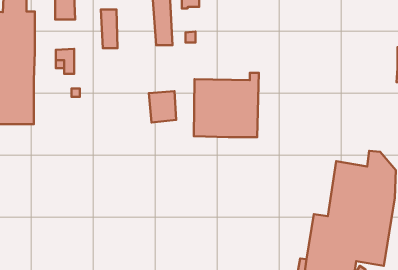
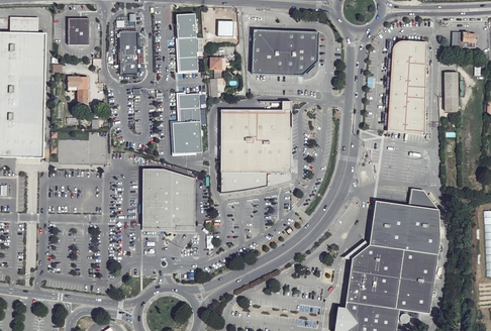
building: none -> [254,30,320,76]
building: none -> [386,40,425,135]
building: none -> [178,95,199,124]
building: none -> [143,172,197,230]
building: none -> [219,172,259,191]

